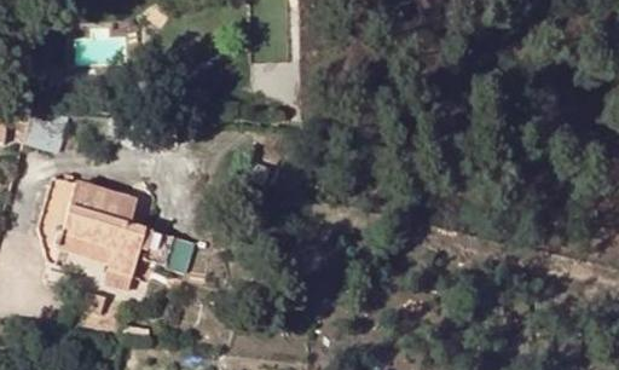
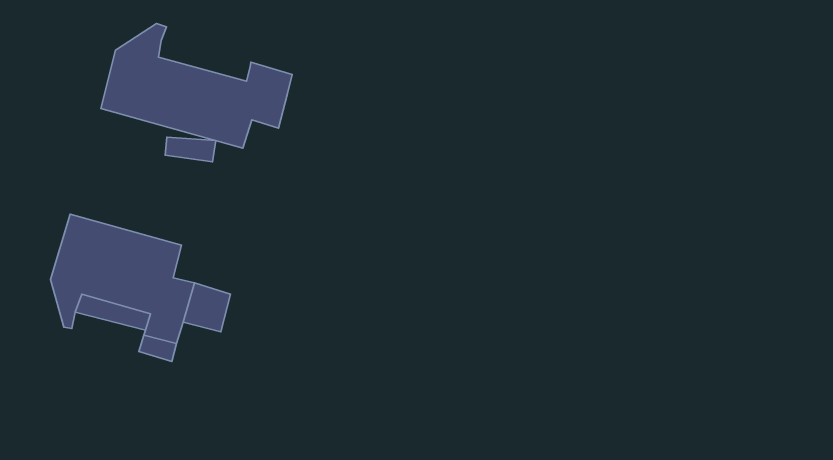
building: none -> [101,23,292,148]

